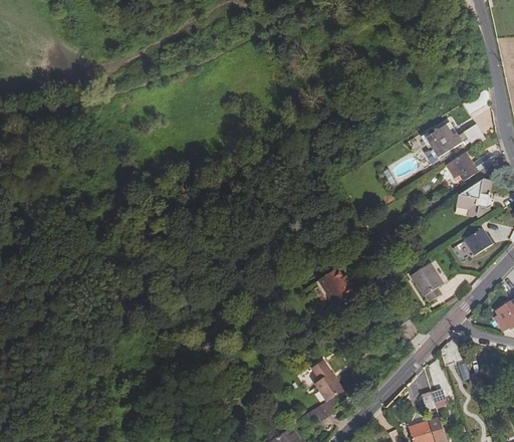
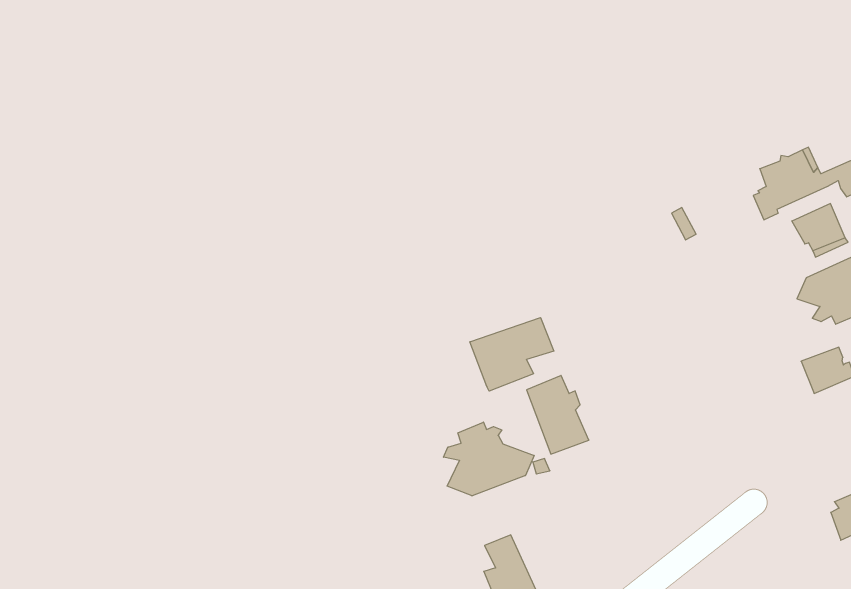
building: none -> [470,318,554,391]
building: [411,263,443,300] -> none
building: none -> [444,422,534,496]

